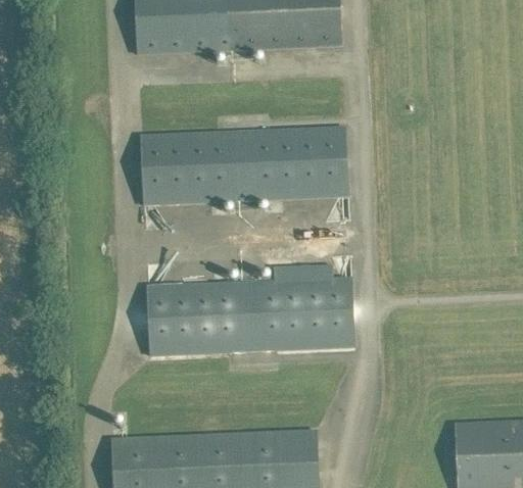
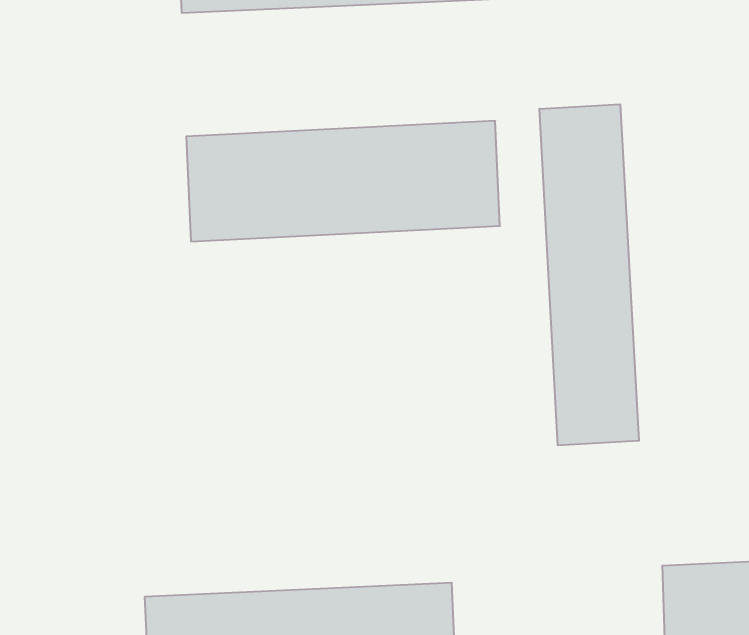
building: none -> [539,104,639,445]
building: [146,260,354,356] -> none

